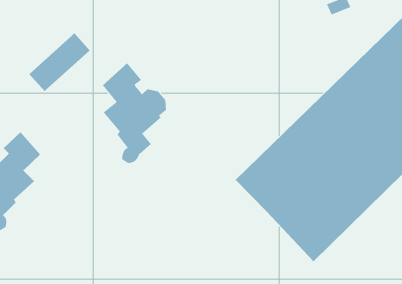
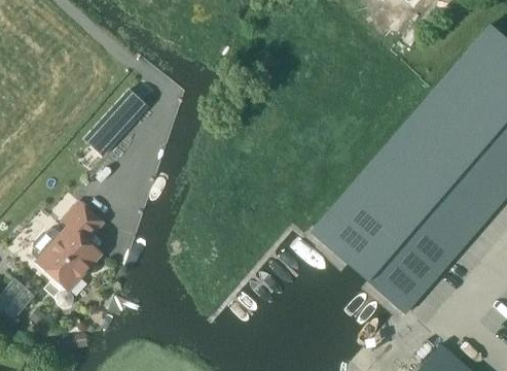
building: [102,63,166,164] -> none

